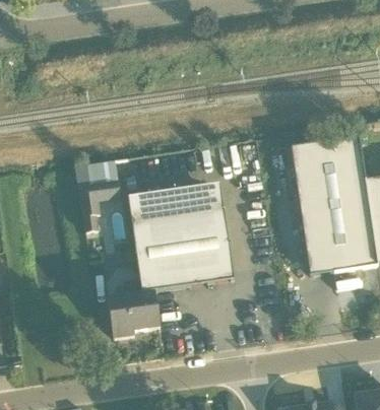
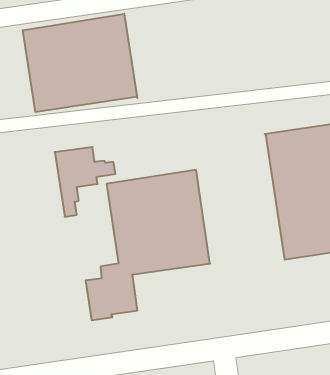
building: none -> [23,14,137,112]

